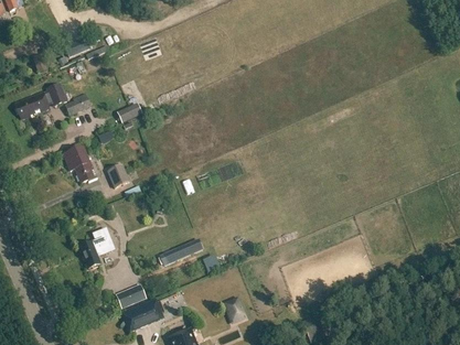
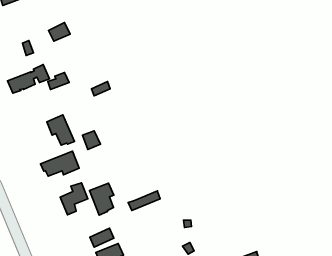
building: none -> [41,151,79,176]
building: none -> [89,183,114,215]

